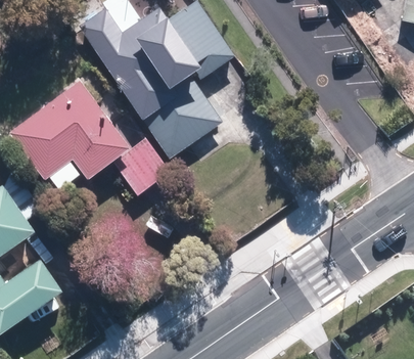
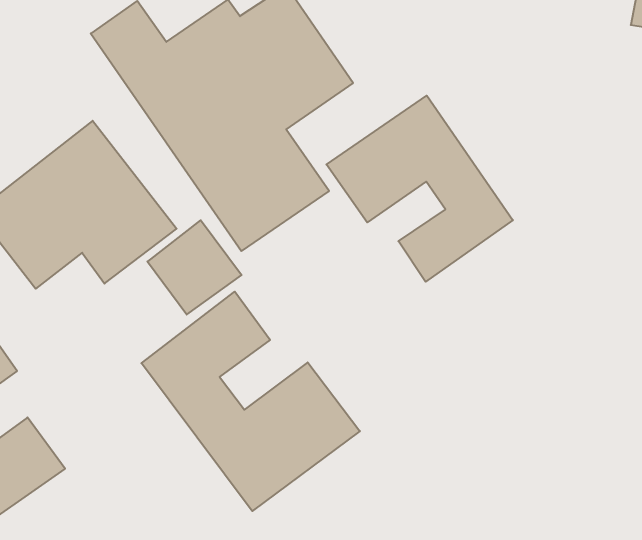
building: none -> [326,96,513,282]
building: none -> [141,292,360,511]

